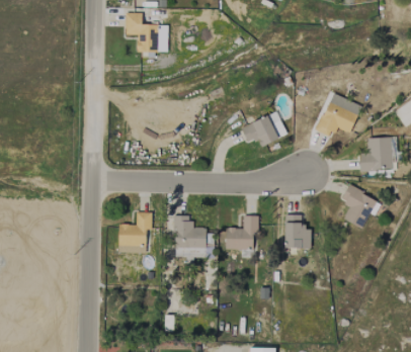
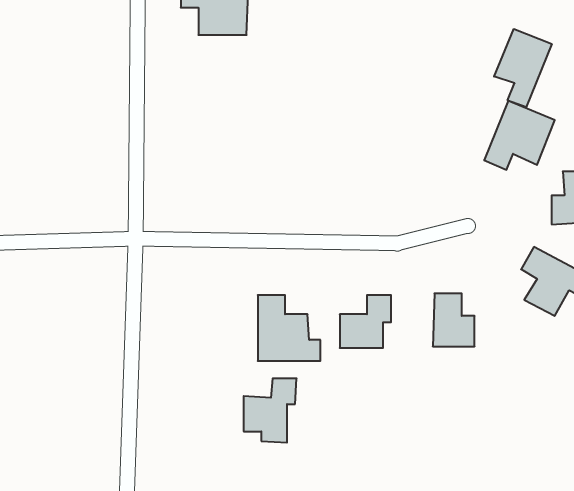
building: none -> [494,29,552,107]
building: [241,111,286,147] -> none
building: [118,212,152,253] -> [244,378,297,443]

